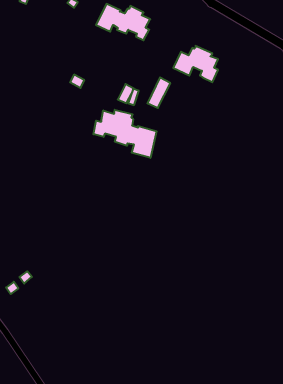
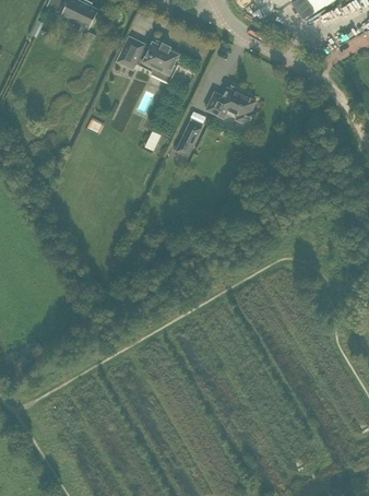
building: [93,110,157,158] -> none

